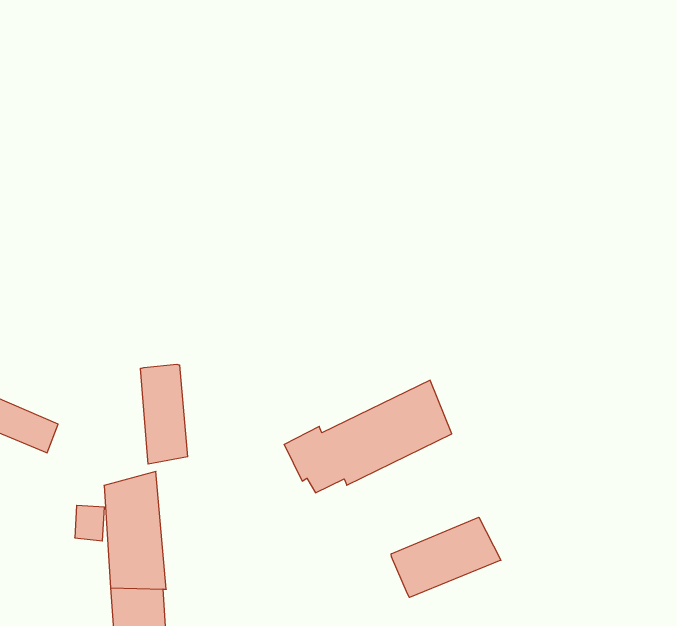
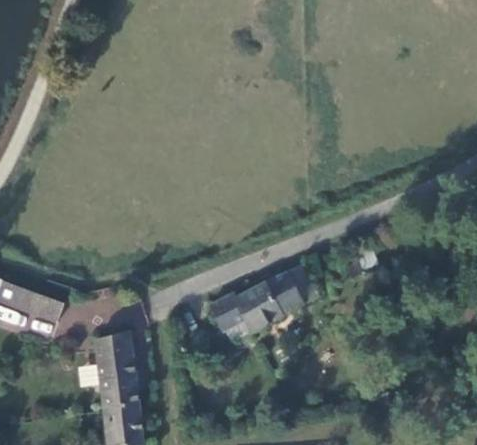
building: [140,364,188,464] -> none
building: [391,517,501,597] -> none

